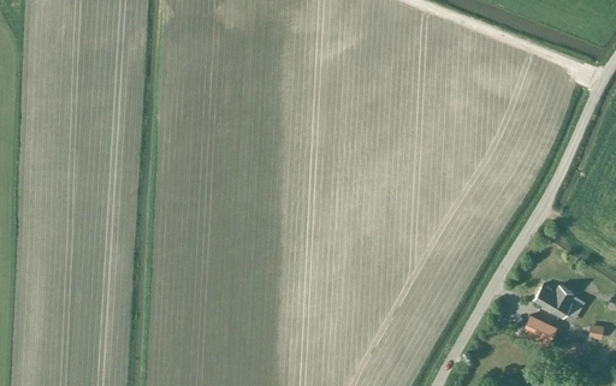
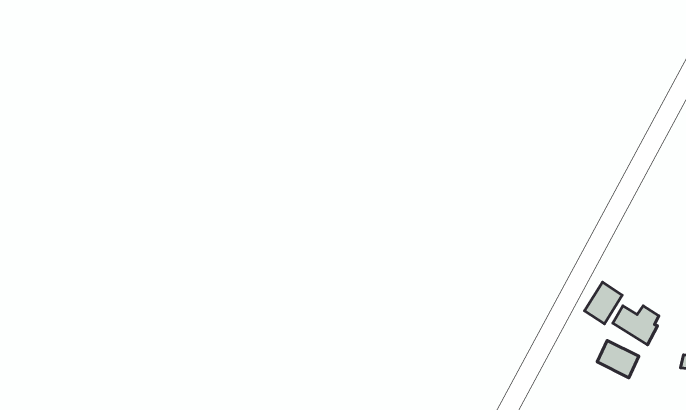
building: none -> [585,282,622,324]

